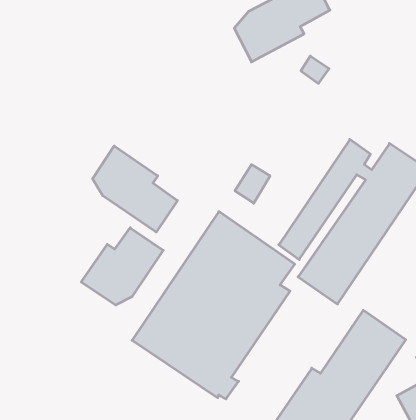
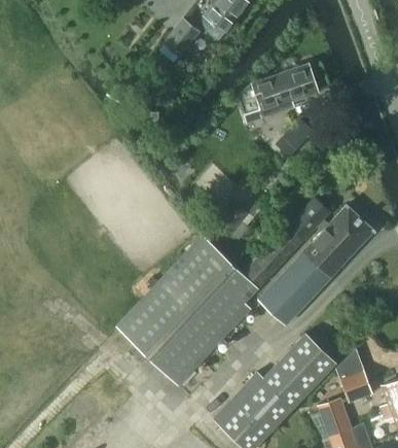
building: [93,146,177,232] -> none
building: [81,228,163,305] -> none

